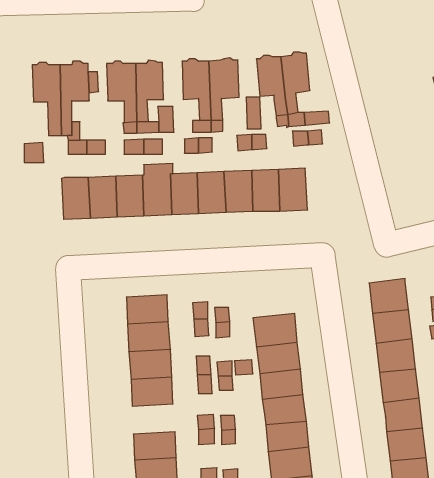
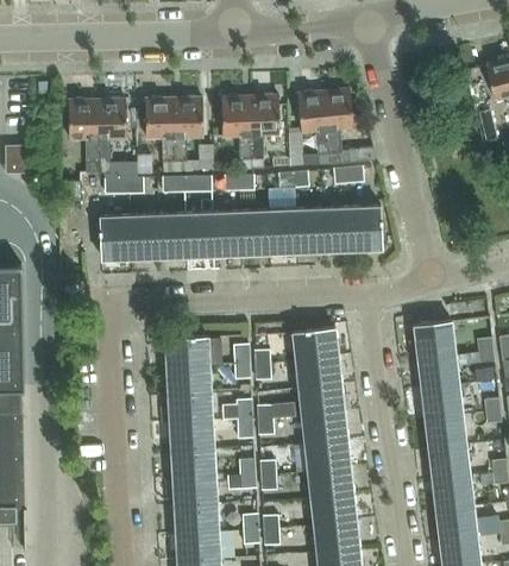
building: none -> [348,206,382,250]
building: none -> [293,327,338,360]
building: none -> [171,448,215,479]

